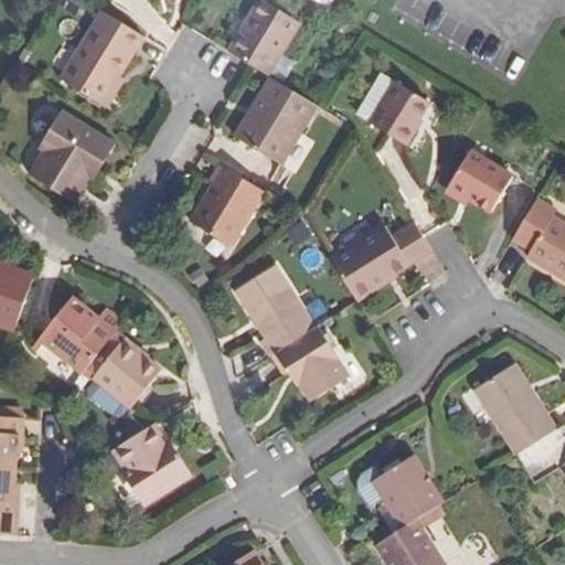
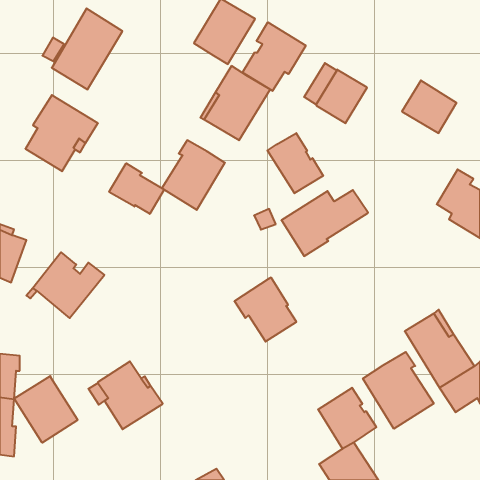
building: none -> [242,22,306,91]
building: [448,150,512,212] -> [402,80,457,133]
building: none -> [267,133,323,193]
building: none -> [109,163,164,214]
building: [236,265,316,355] -> none
building: [93,340,160,407] -> none
building: none -> [363,352,434,429]
building: none -> [14,376,77,443]

